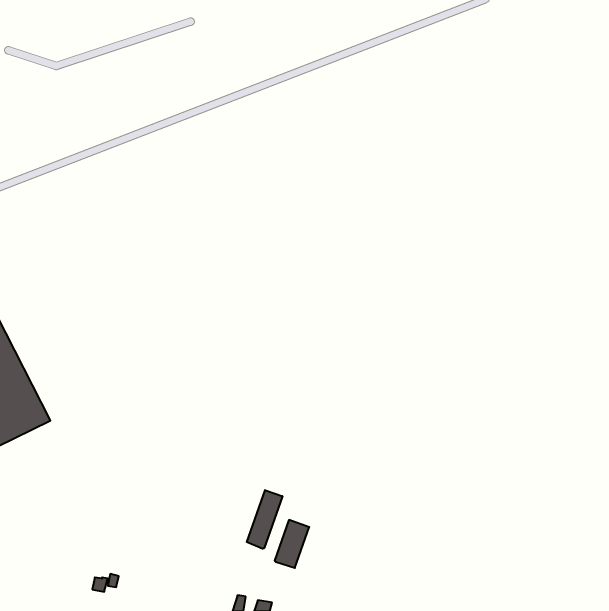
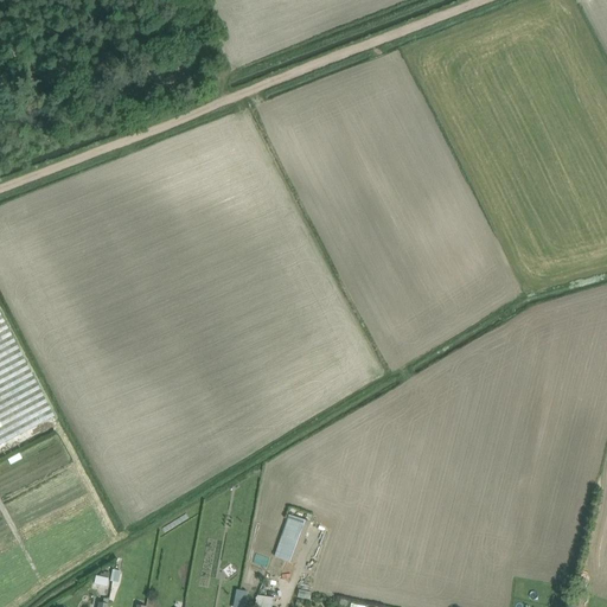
building: [247,490,282,549] -> none

